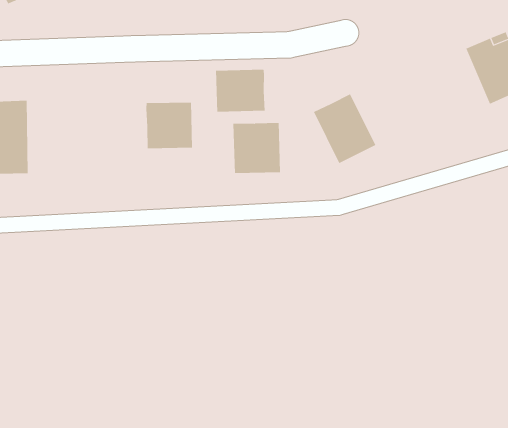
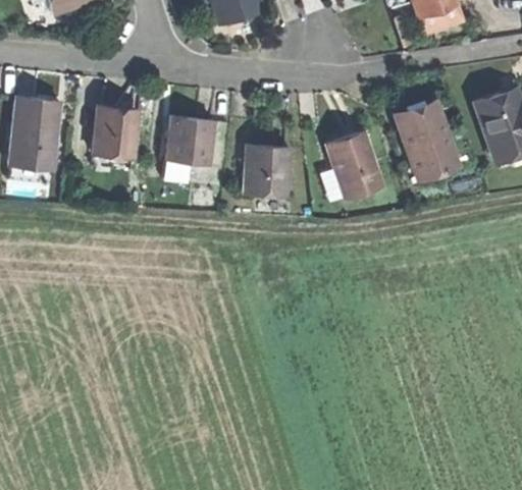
building: none -> [401,104,458,178]
building: [216,69,265,112] -> none
building: none -> [95,107,138,156]

